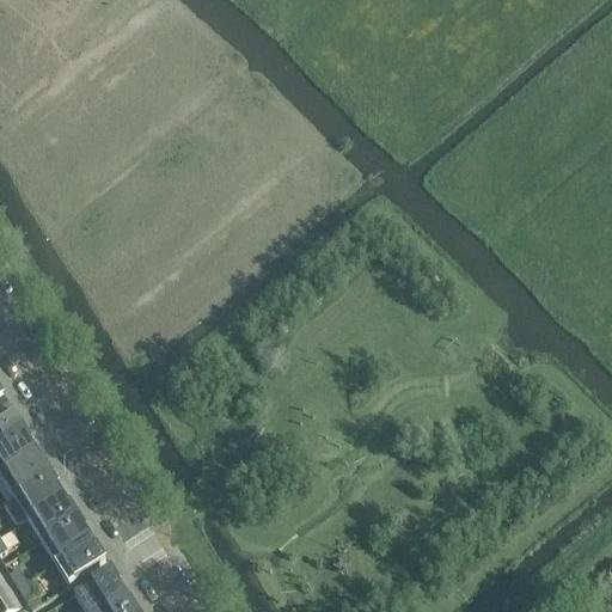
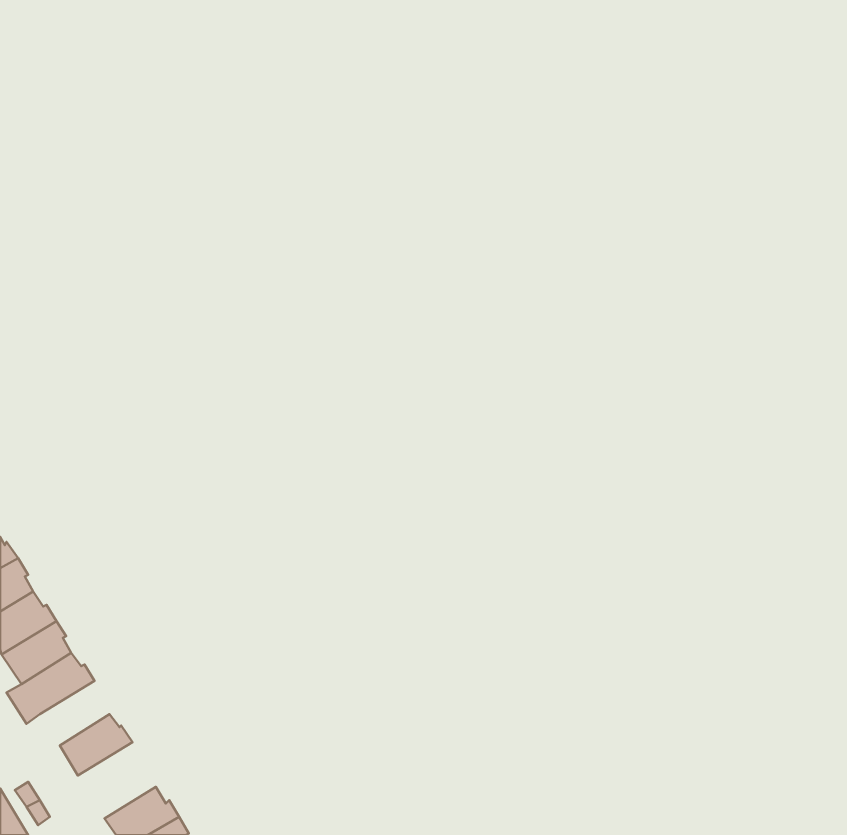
building: [29,491,79,538] -> none
building: [56,536,108,582] -> none

